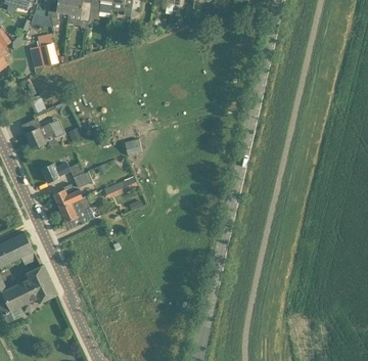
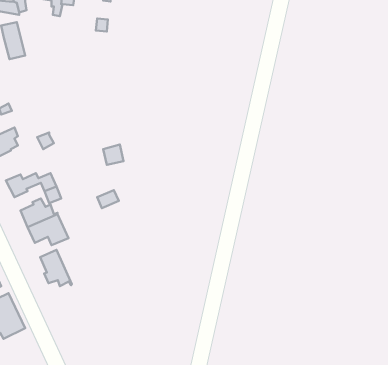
building: none -> [40,250,72,286]

